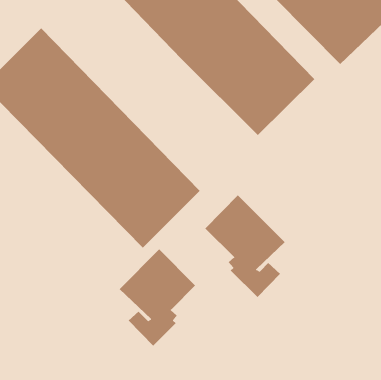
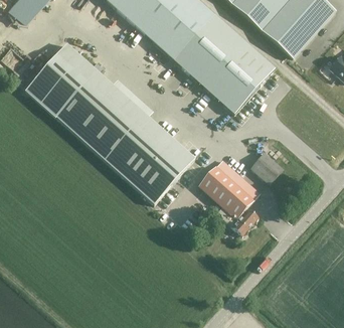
building: none -> [251,152,283,183]
building: [119,249,196,347] -> none

